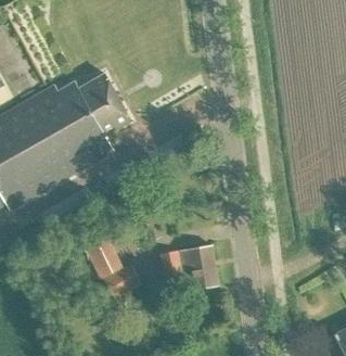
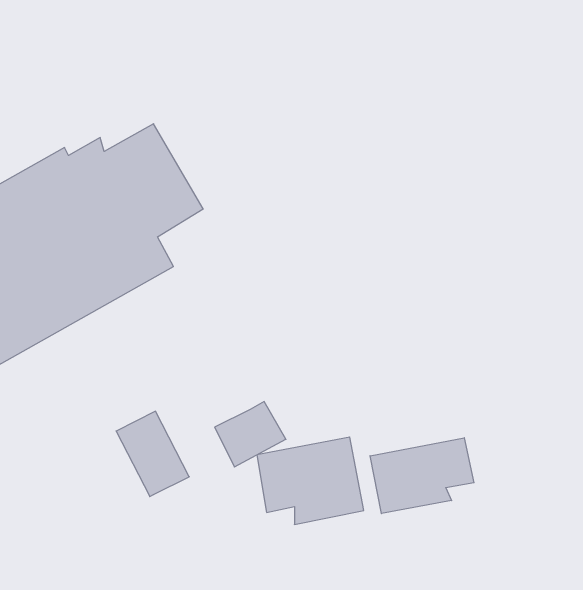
building: none -> [370,438,474,514]
building: [103,260,142,296] -> [215,402,286,467]

